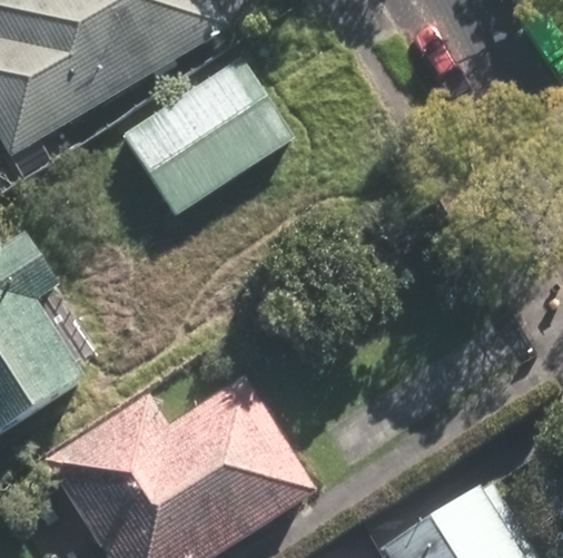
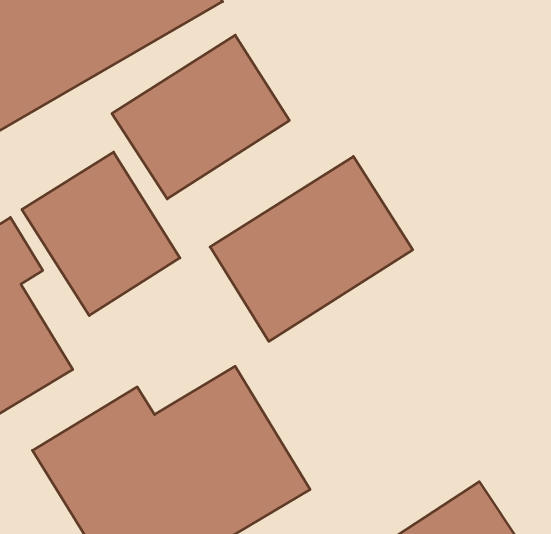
building: none -> [22,152,180,316]
building: none -> [210,156,413,341]

